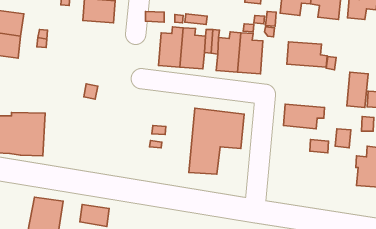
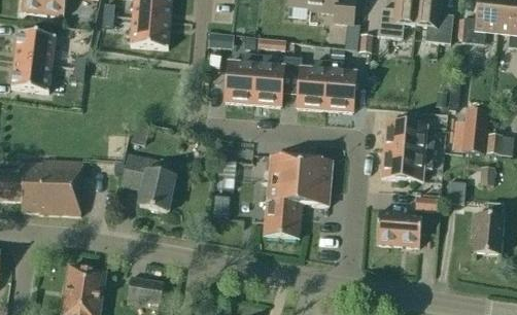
building: [287,42,327,67] -> [384,121,435,153]
building: none -> [122,153,174,211]
building: none -> [377,209,418,246]

